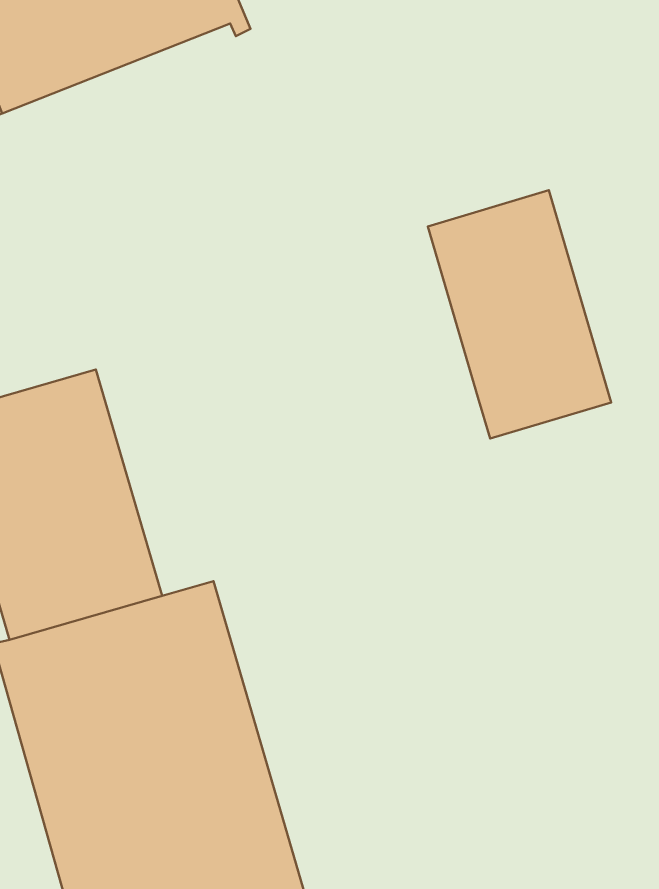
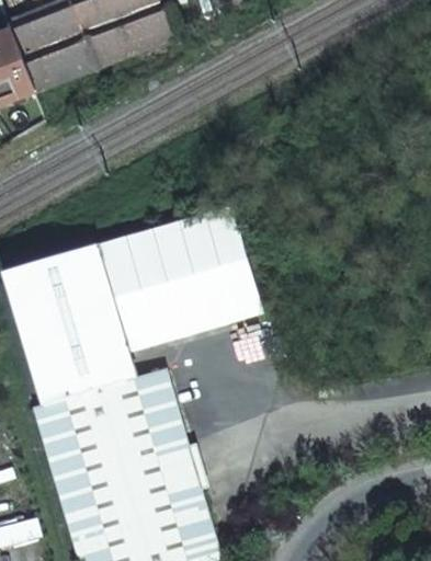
building: [428,190,611,439] -> none
building: none -> [93,203,263,352]

